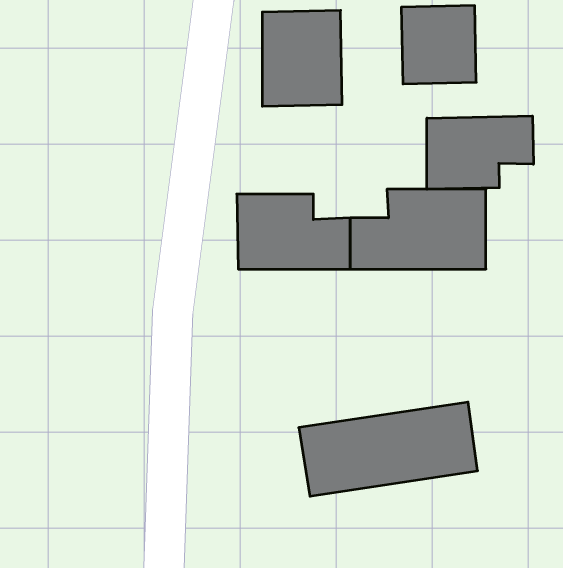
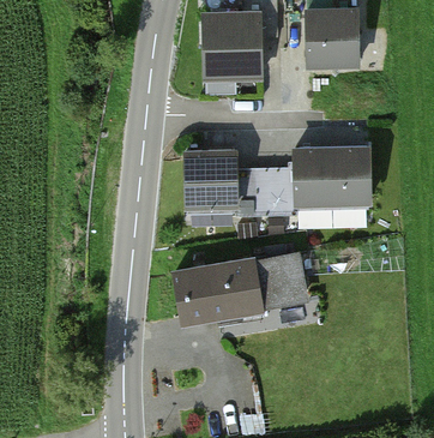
building: [427,116,533,189] -> none
building: [299,402,478,496] -> [171,253,306,324]

